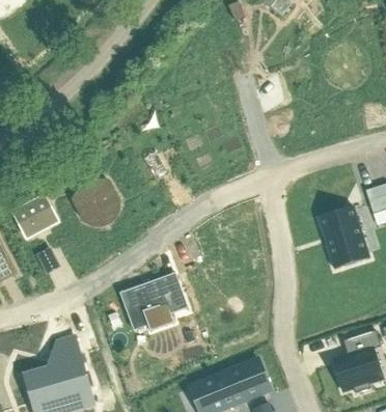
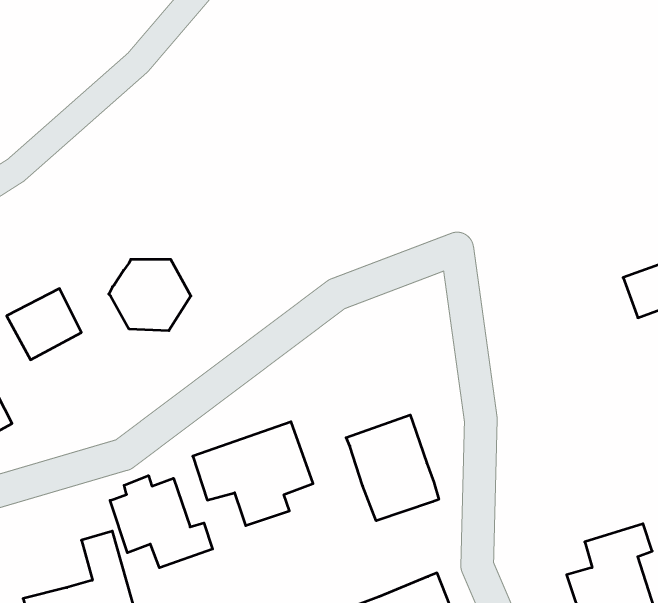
building: [319,205,370,269] -> none
building: none -> [346,415,439,521]
building: none -> [110,476,213,568]

